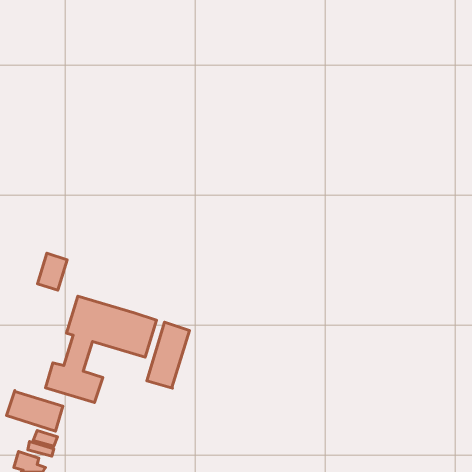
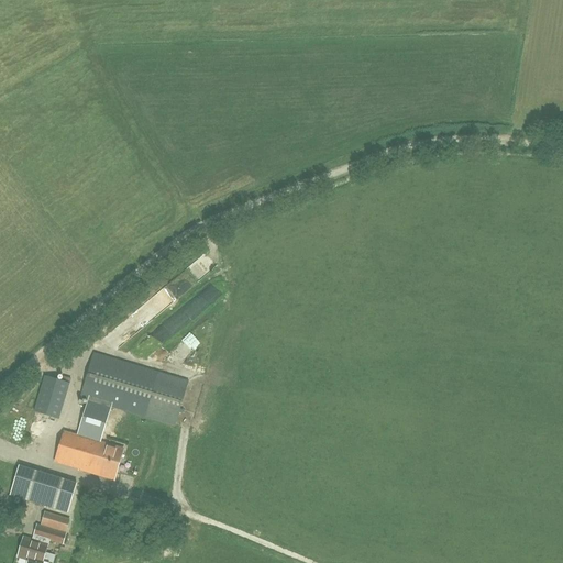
building: [38,253,67,290] -> [33,375,68,419]
building: [147,322,190,388] -> none

